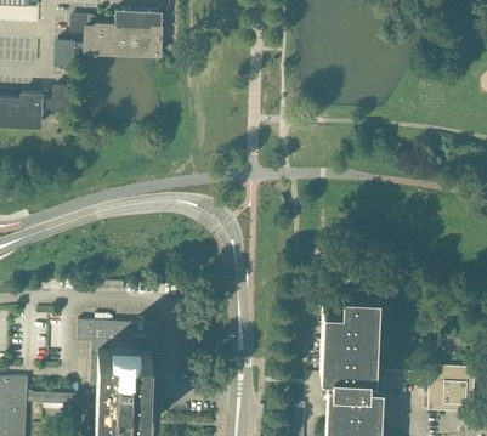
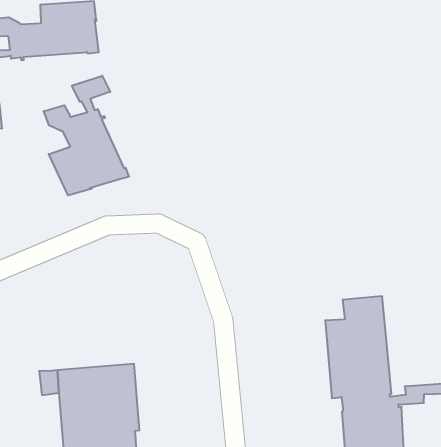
building: none -> [44,76,129,195]

